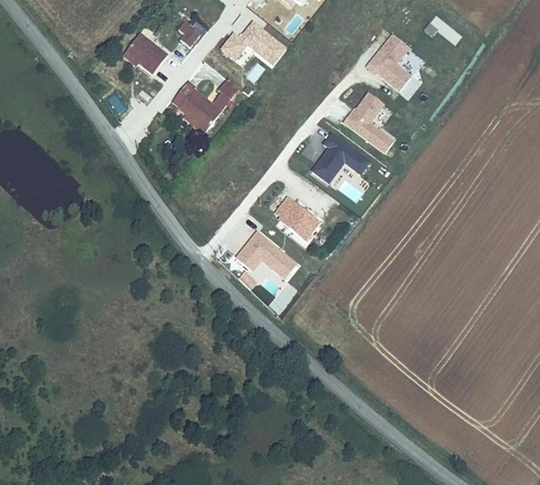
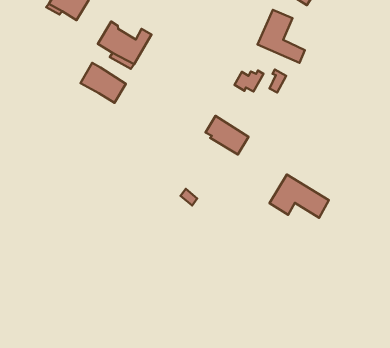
building: none -> [80,63,126,103]
building: [233,228,297,279] -> [269,174,329,218]

